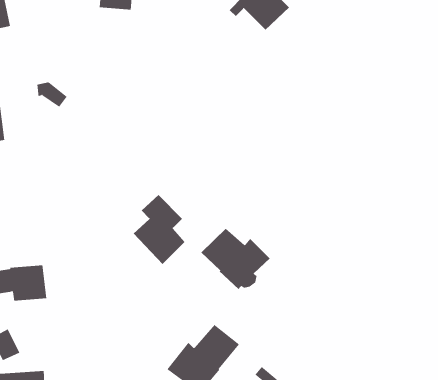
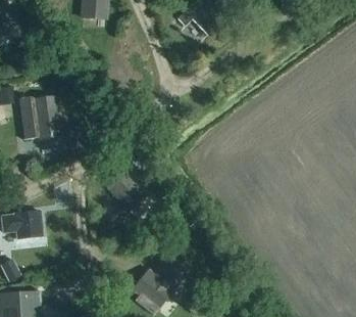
building: none -> [18,95,63,139]
building: [201,228,270,290] -> none

